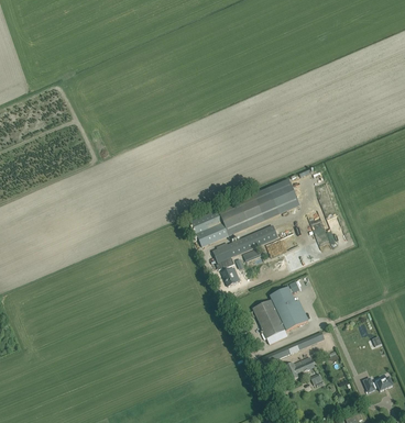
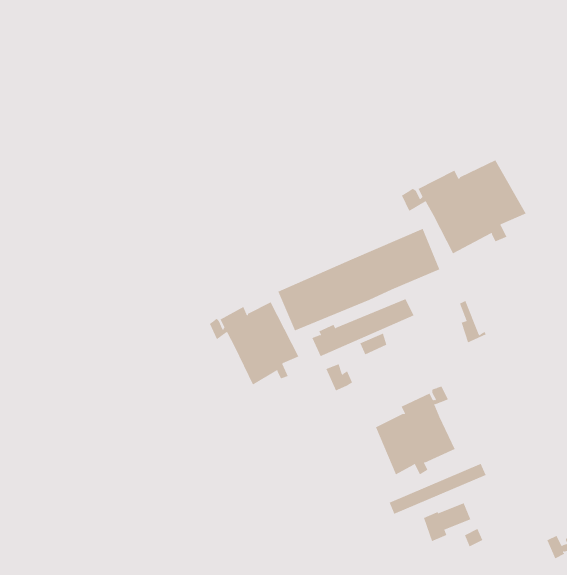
building: none -> [401,159,526,254]
building: none -> [209,302,299,385]

